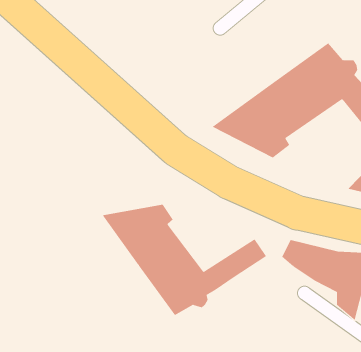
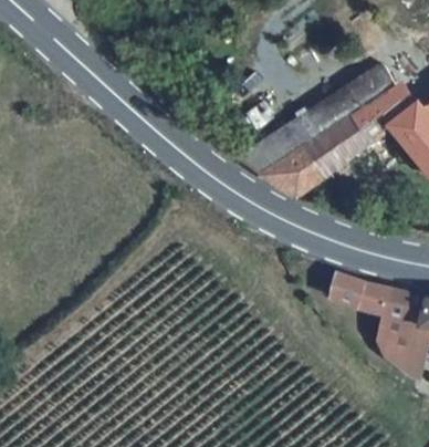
building: [102,204,267,316] -> none

